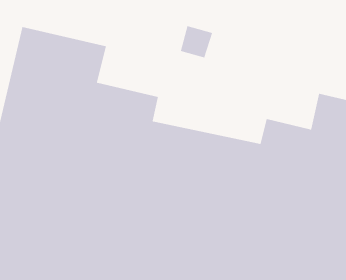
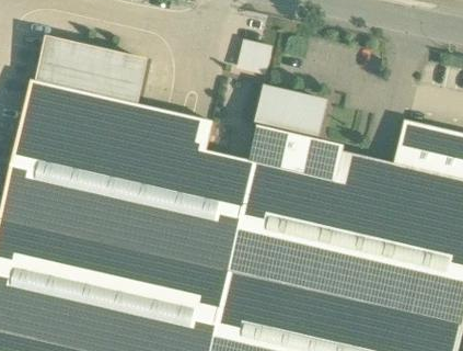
building: none -> [256,87,340,180]

